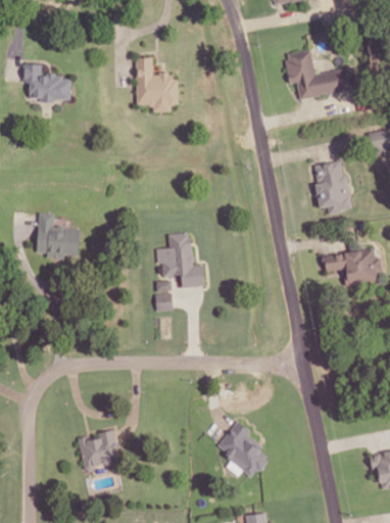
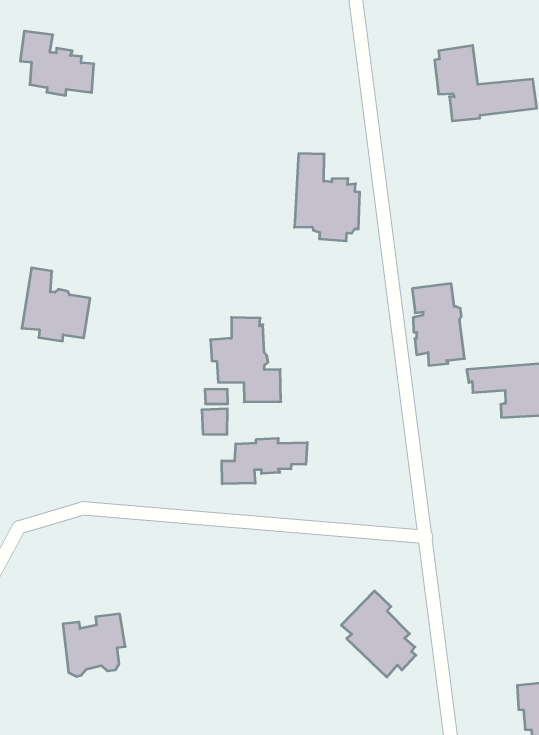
building: [136,57,178,111] -> [294,154,360,241]
building: [314,161,351,215] -> [412,284,465,365]
building: none -> [222,438,307,484]
building: [218,422,267,476] -> [341,591,416,677]

